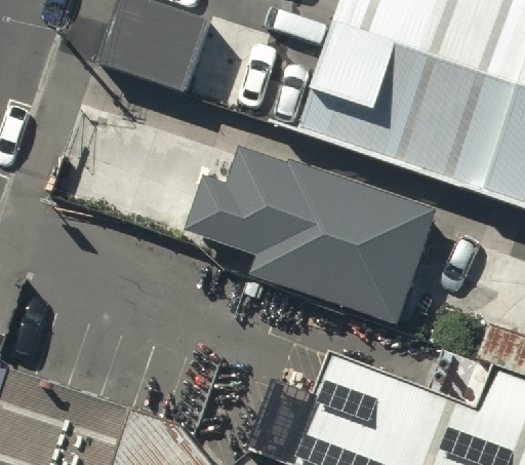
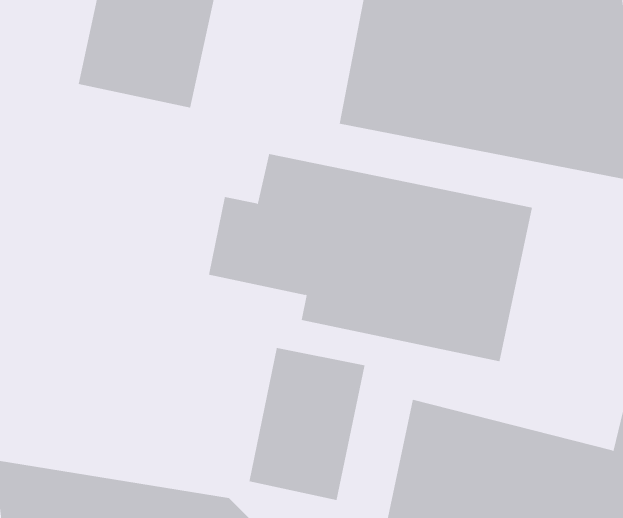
building: none -> [249,347,365,501]

